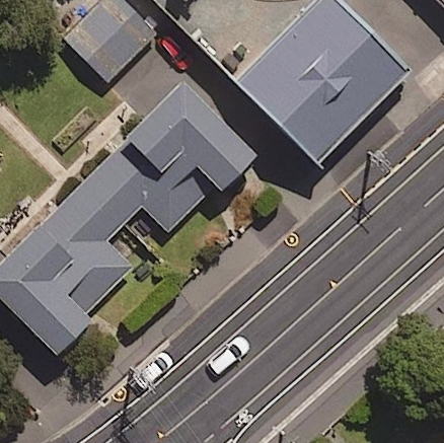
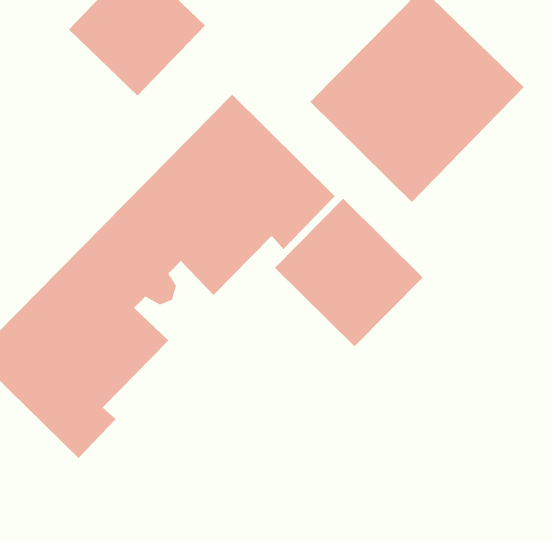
building: none -> [274,198,423,347]

